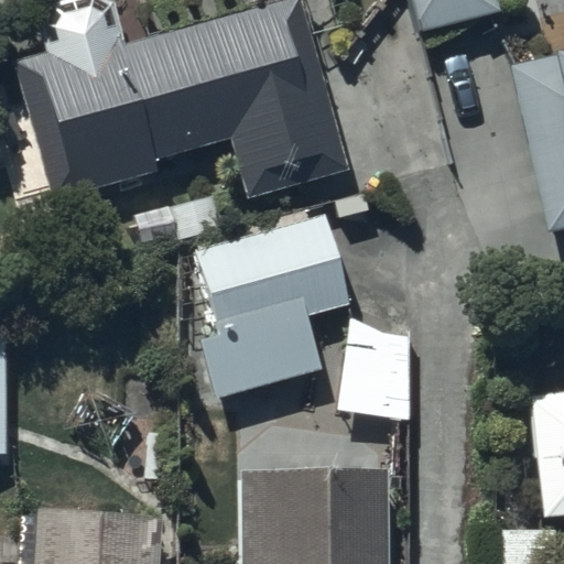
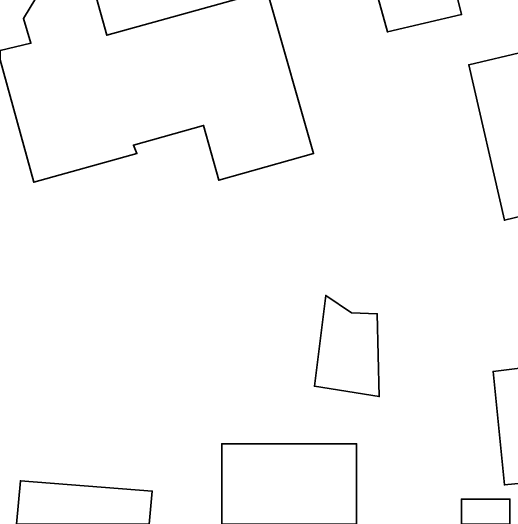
building: [175,195,358,400] -> none

